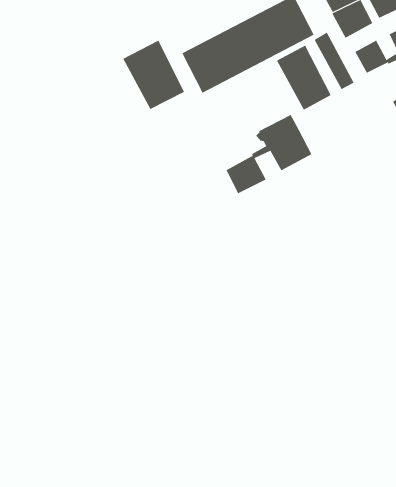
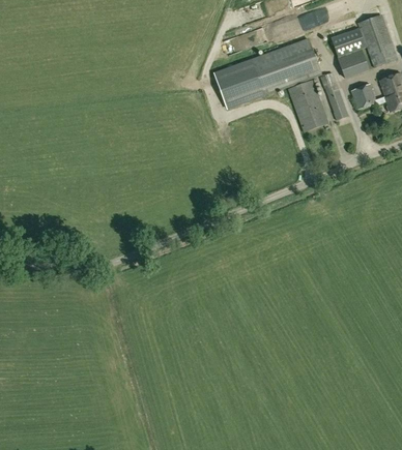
building: [123,40,185,110] -> none
building: [226,114,312,194] -> none

